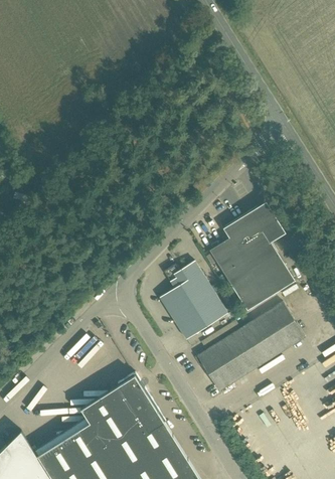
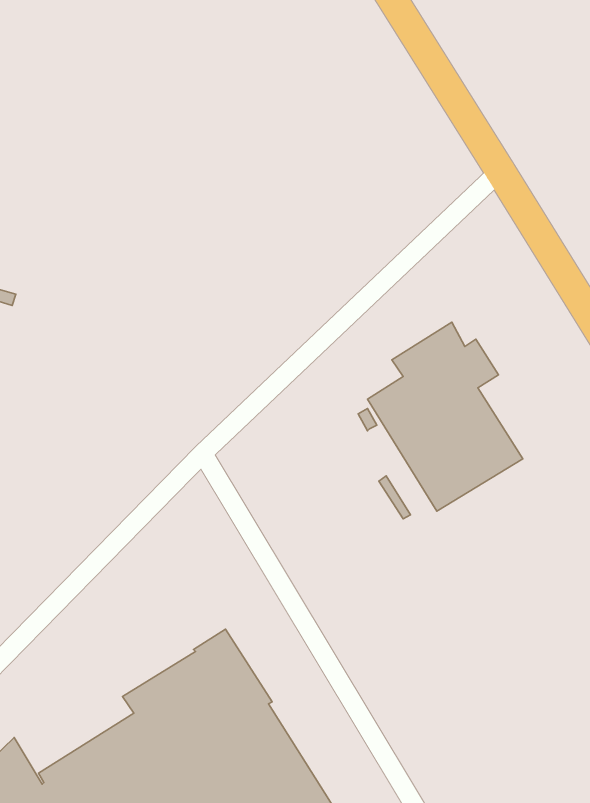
building: [159,262,227,340] -> none
building: [197,303,305,391] -> none

